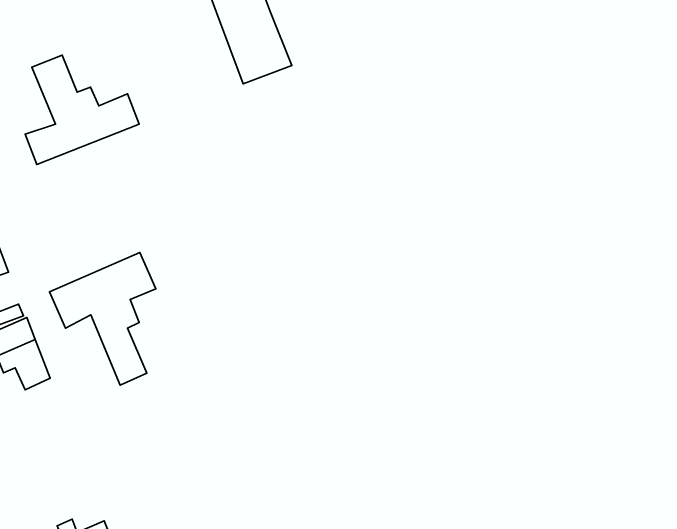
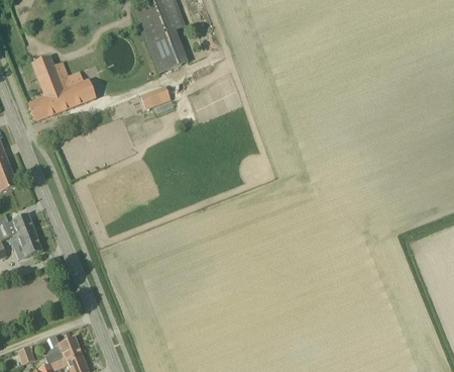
building: none -> [140,86,171,109]
building: [49,252,156,385] -> none

